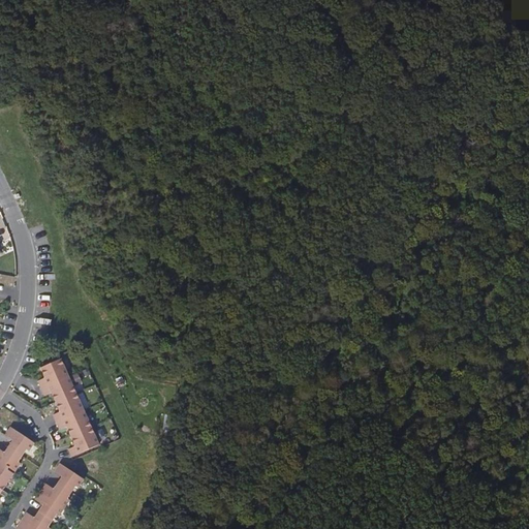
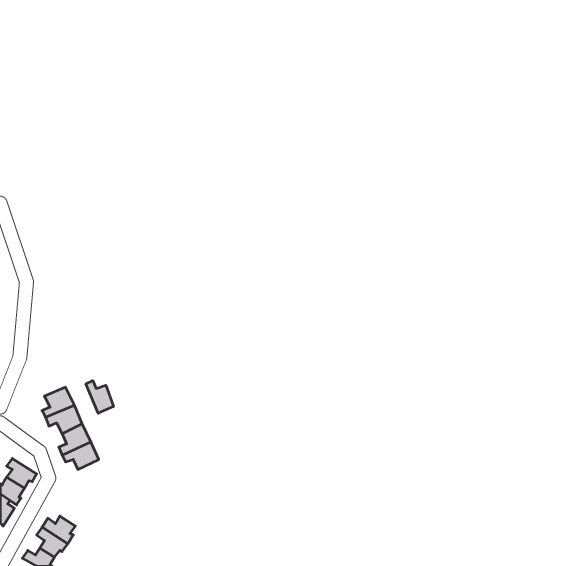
building: none -> [86,381,113,413]
building: [69,428,99,457] -> none
building: [53,462,82,490] -> none

